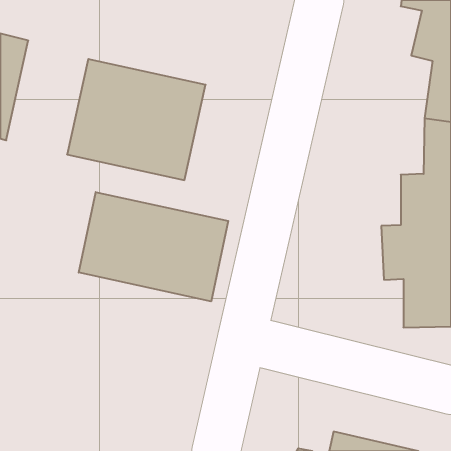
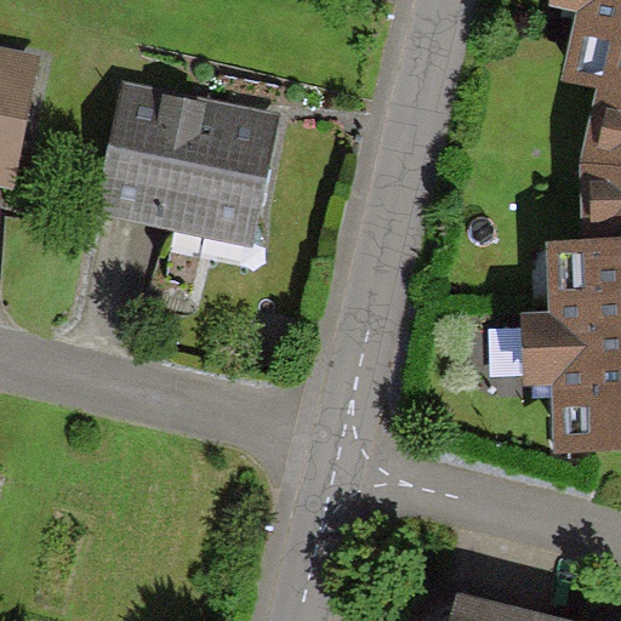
building: [79,192,228,301] -> none

